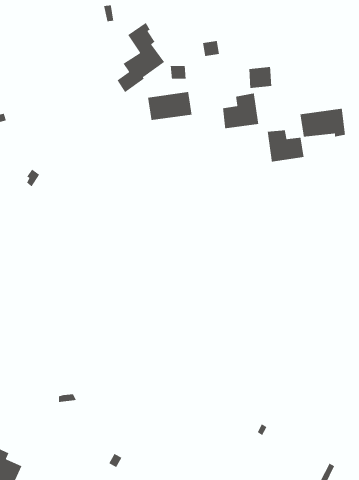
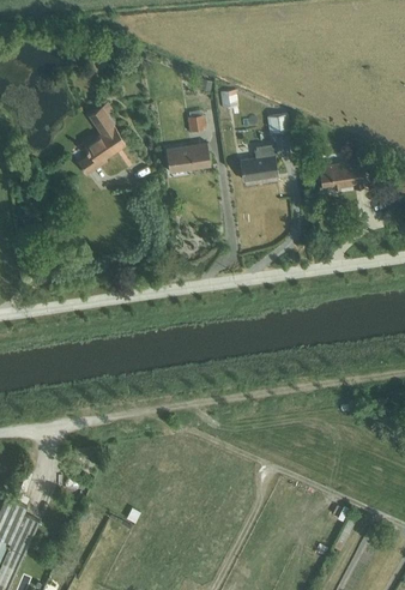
building: [116,22,165,93] -> [77,104,126,176]
building: [267,129,305,163] -> none

